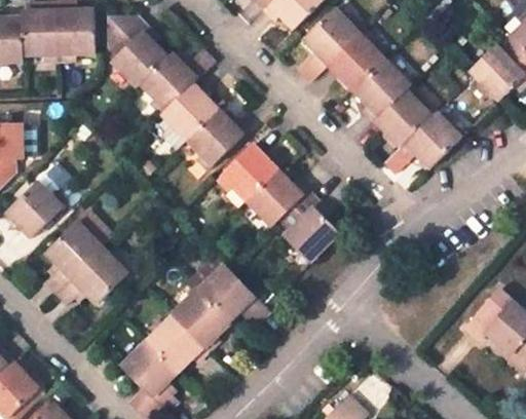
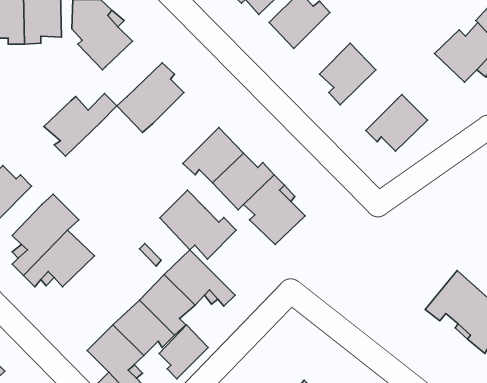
building: [328,29,384,90] -> none
building: [140,50,213,113] -> [44,94,117,156]
building: [374,86,431,147] -> none
building: [187,109,245,170] -> none
building: none -> [160,190,236,259]
building: none -> [159,325,208,379]

